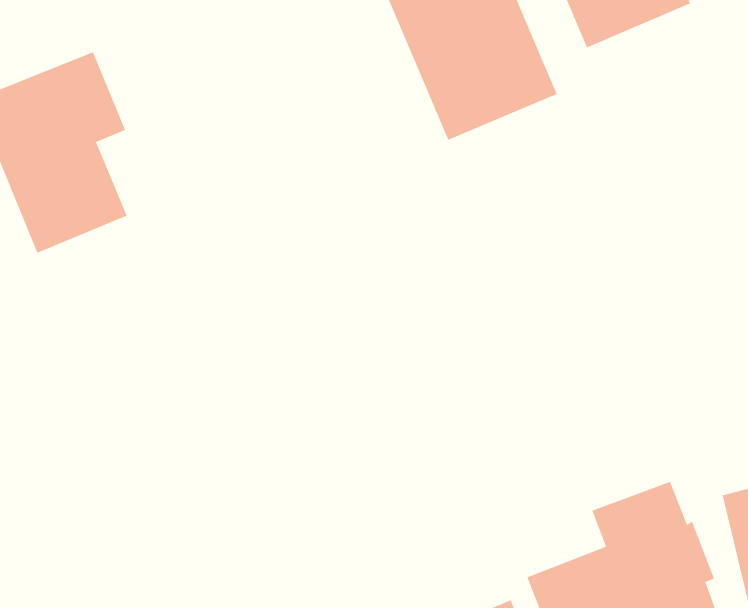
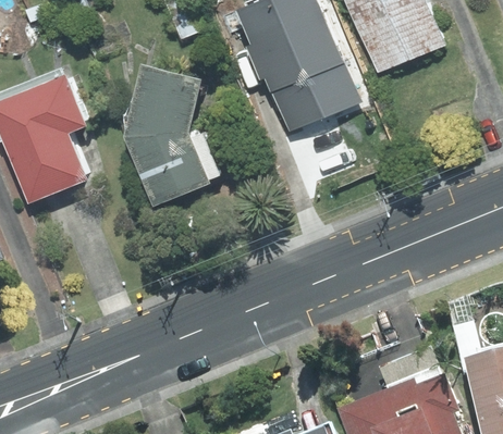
building: none -> [124,64,221,206]

